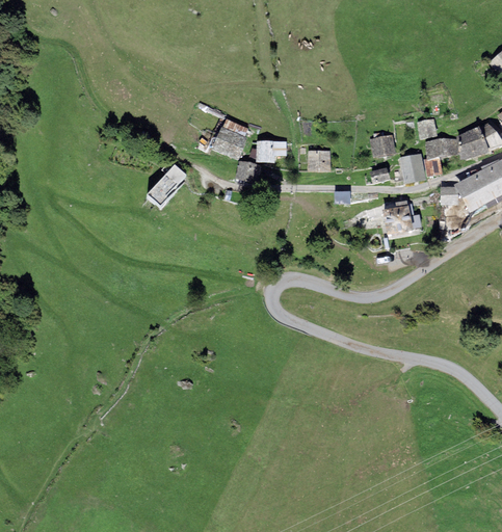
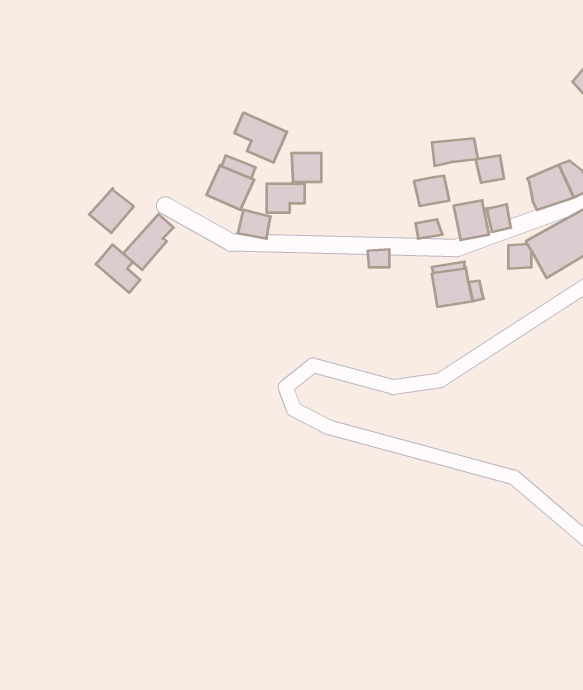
building: none -> [235,113,287,163]
building: [424,138,459,159] -> [432,139,478,166]
building: none -> [89,188,133,233]
building: [308,150,331,171] -> [291,153,321,182]
building: none -> [96,245,140,293]

